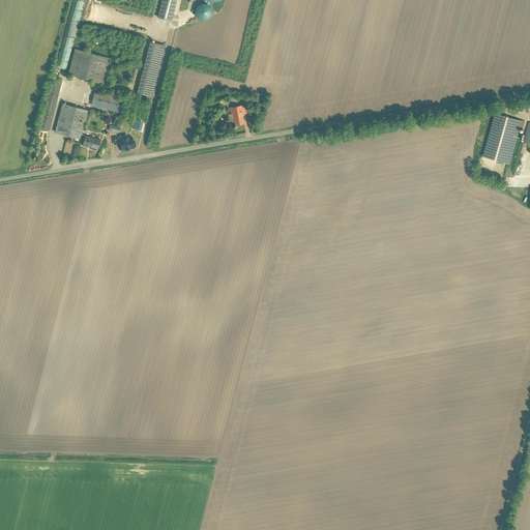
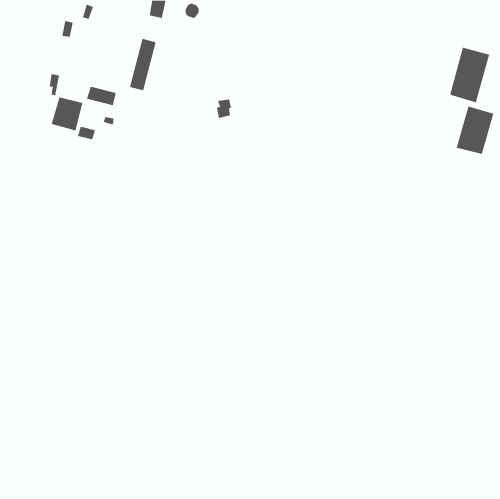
building: [67,49,111,85] -> none
building: none -> [449,47,490,103]

